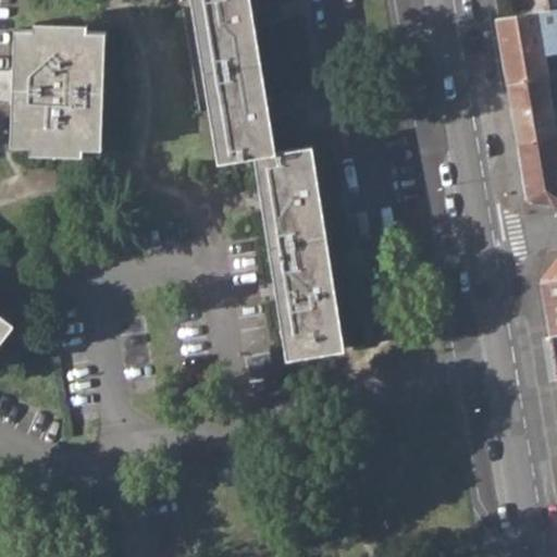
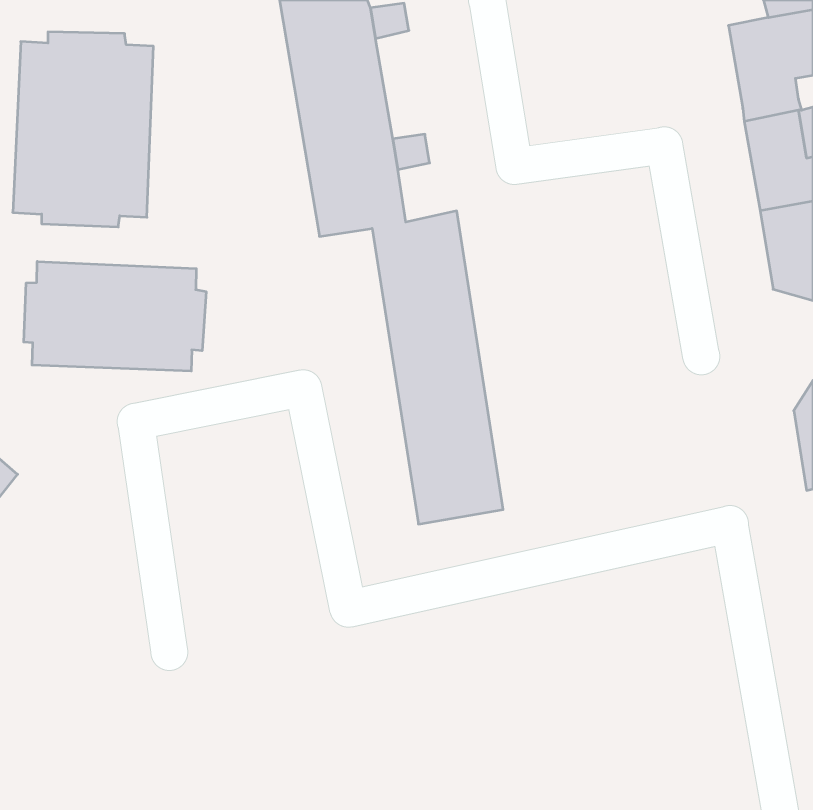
building: none -> [24,261,206,371]

